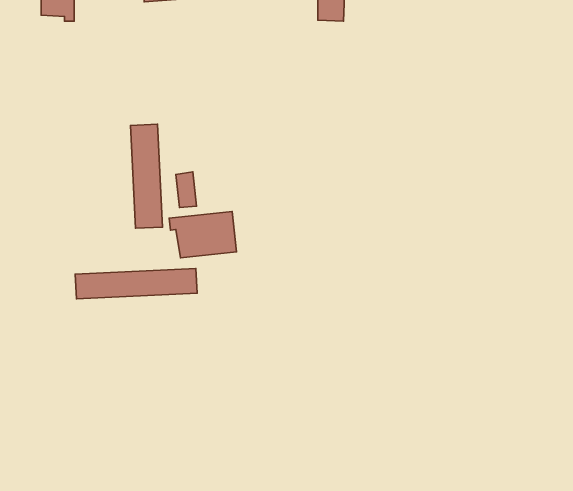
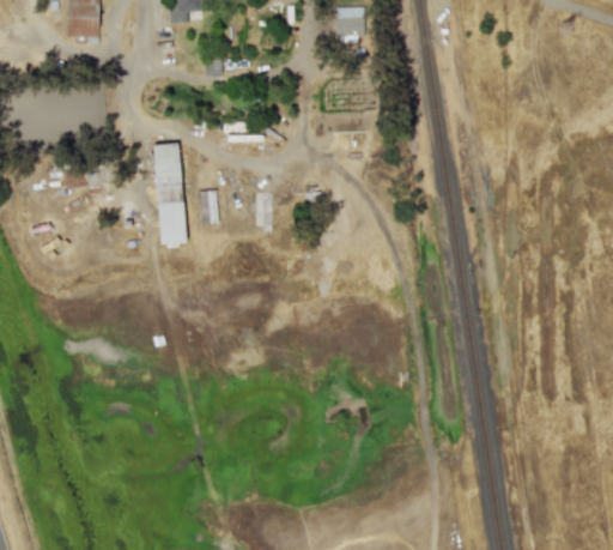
building: [169,212,237,258] -> none
building: [75,269,197,299] -> none

